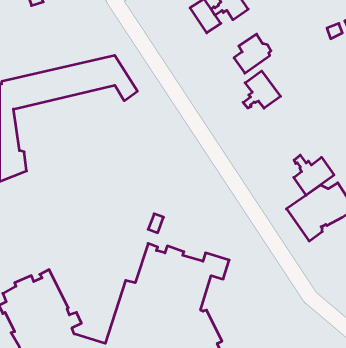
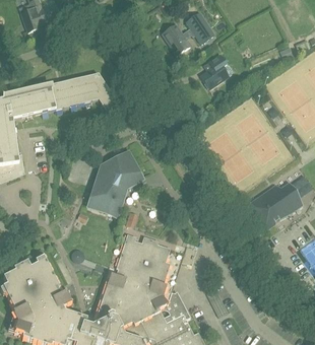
building: [243,71,281,108] -> none
building: none -> [89,153,139,213]
building: [294,155,334,195] -> none

